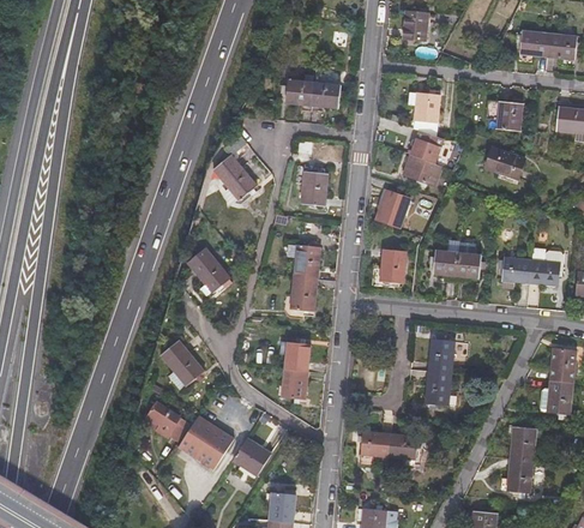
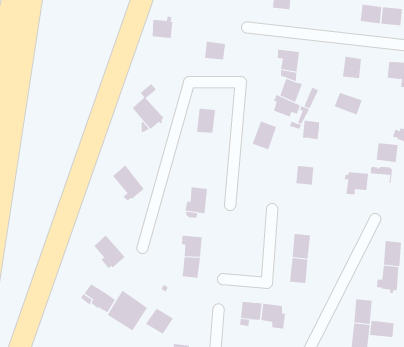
building: [284,73,313,103] -> [152,16,173,38]
building: [287,241,319,278] -> none
building: [379,247,405,282] -> none
building: [456,250,480,276] -> [302,120,320,140]
building: [529,258,559,284] -> [376,143,398,163]
building: none -> [370,320,394,338]

